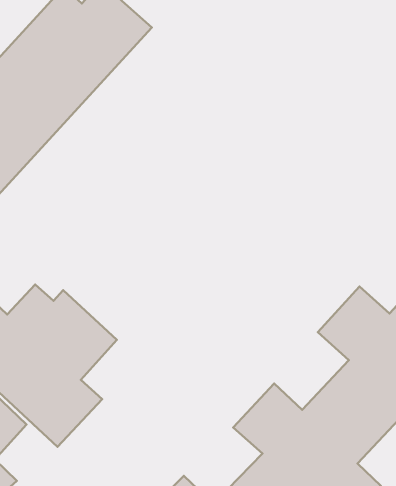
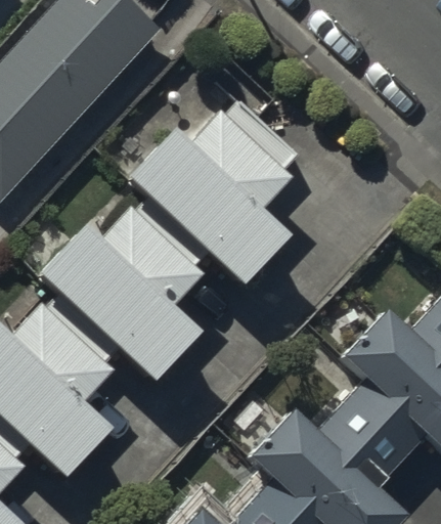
building: none -> [122,107,301,278]
building: none -> [32,205,211,376]

